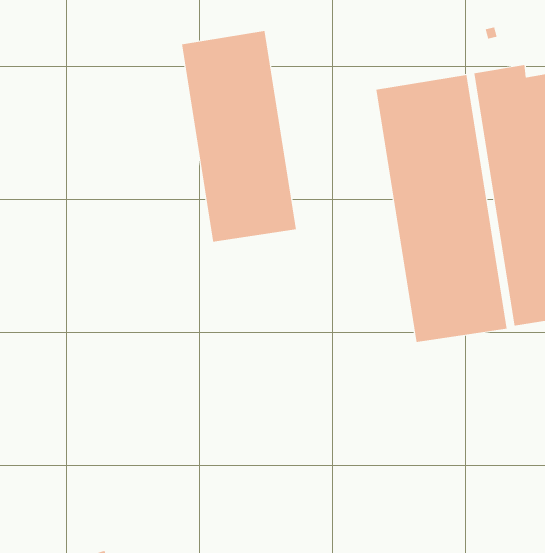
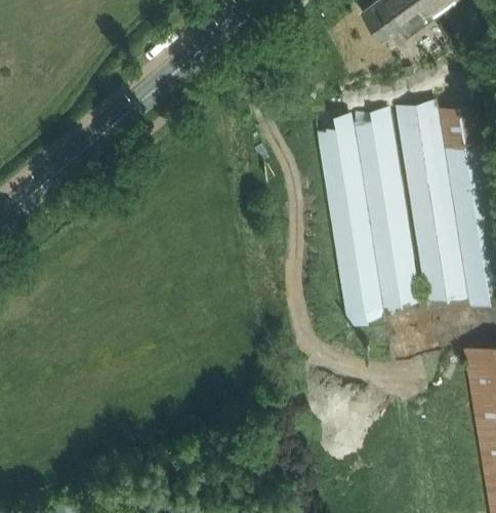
building: [182,30,296,243] -> none

